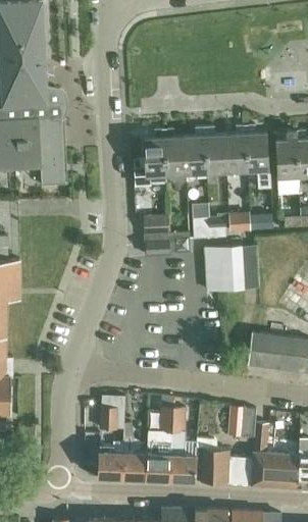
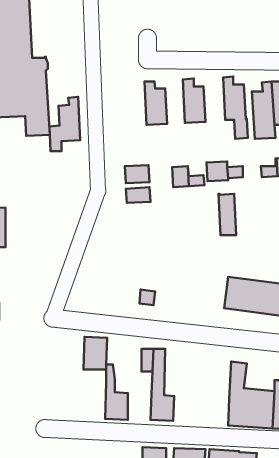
building: [225,126,248,180] -> none
building: [186,128,206,174] -> none
building: [135,130,166,187] -> [50,97,80,151]
building: [205,247,243,292] -> none
building: [227,410,255,439] -> none
building: [197,438,252,486] -> none
building: [99,441,124,479] -> none
building: [147,447,171,480] -> none

